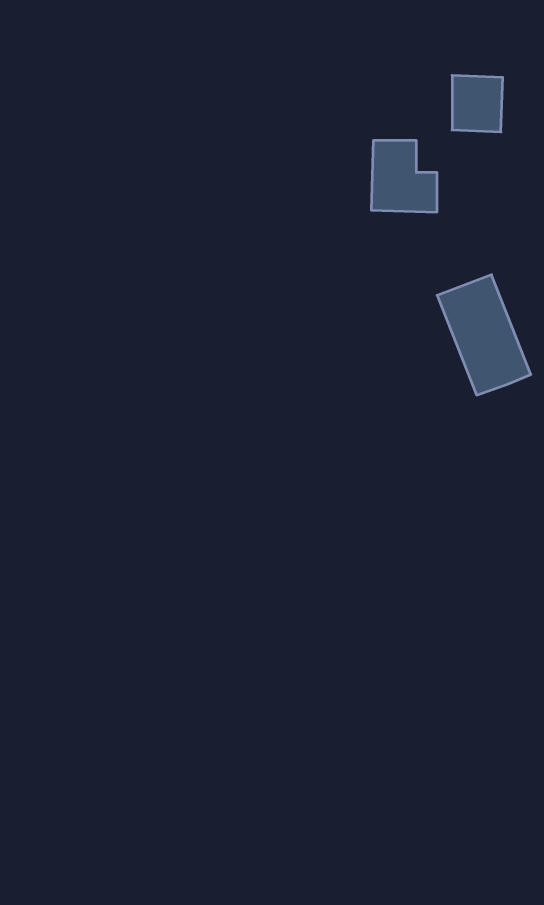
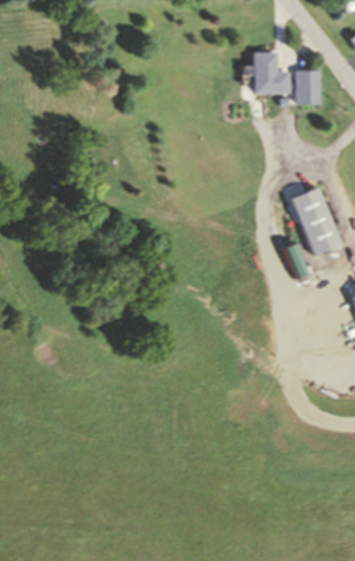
building: [371,141,437,212] -> [251,53,289,94]

